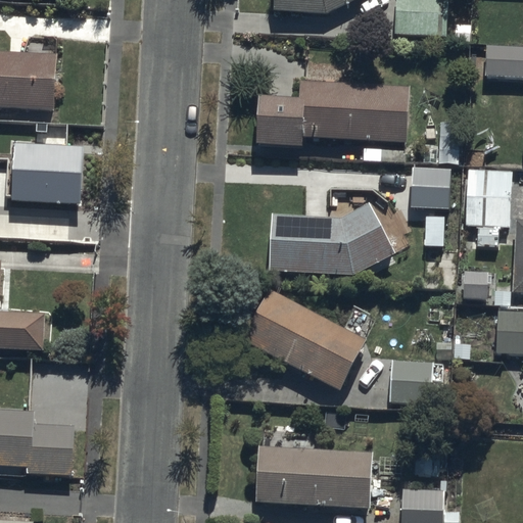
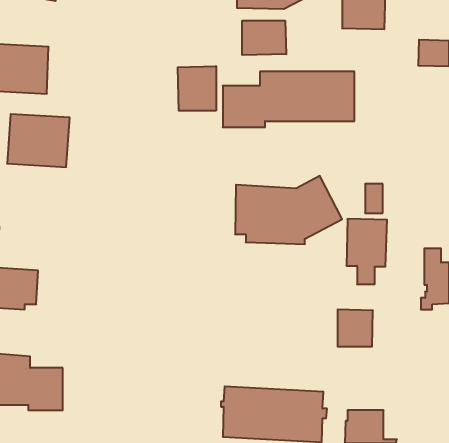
building: none -> [242,21,286,55]
building: none -> [178,66,216,111]
building: [412,168,450,205] -> none
building: [465,169,512,244] -> [346,219,387,284]
building: [244,290,367,388] -> none

